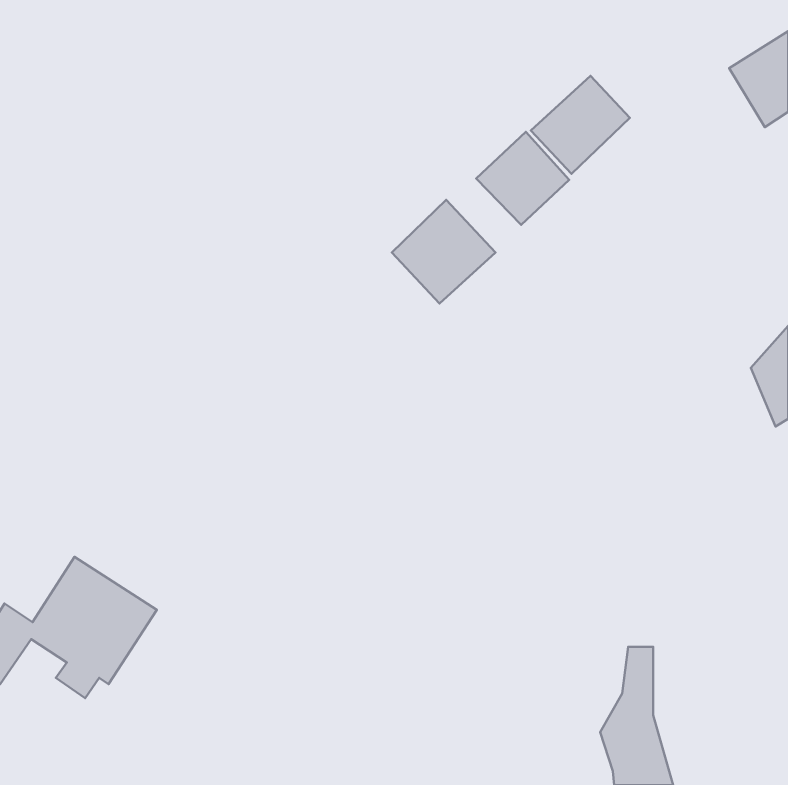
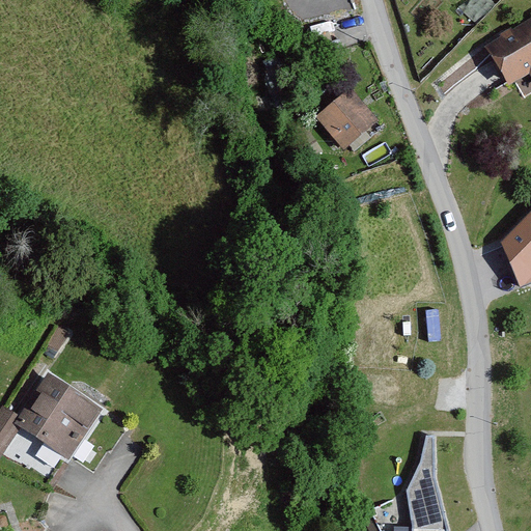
building: [531,76,630,174] -> none
building: [392,200,495,303] -> none

